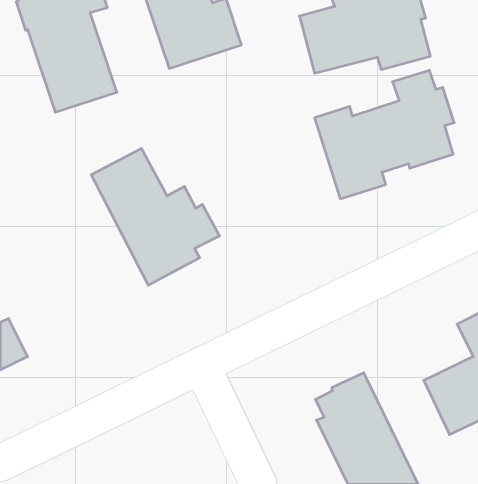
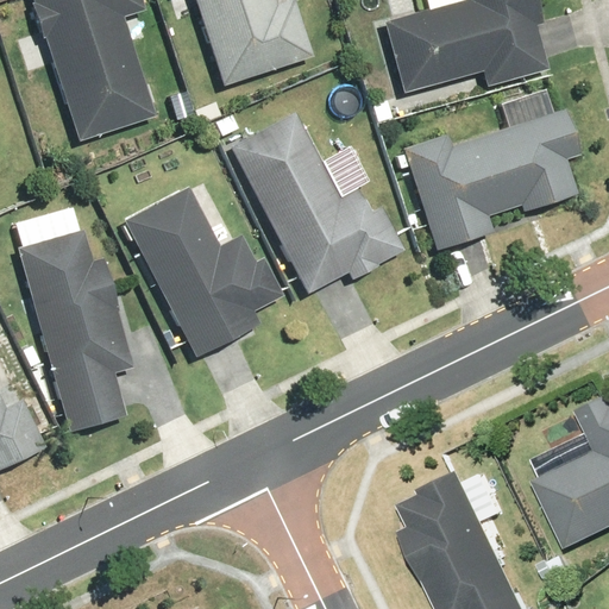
building: none -> [230,112,403,294]
building: none -> [15,228,133,432]

